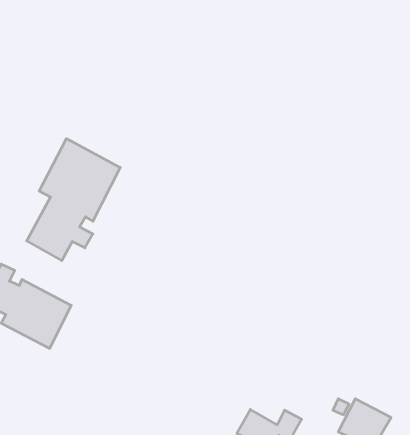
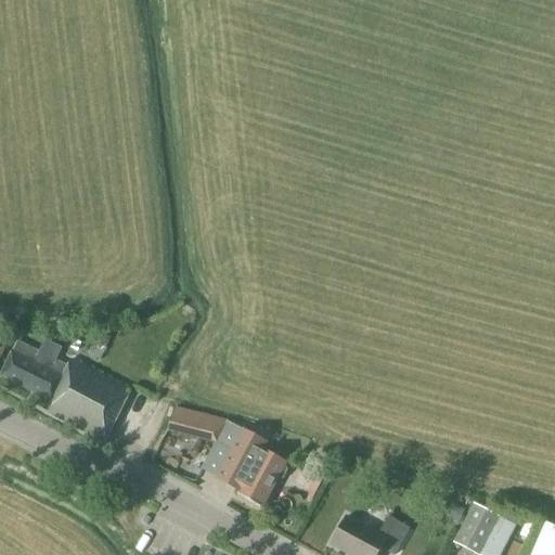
building: [27,139,120,261] -> none
building: none -> [168,405,287,505]

